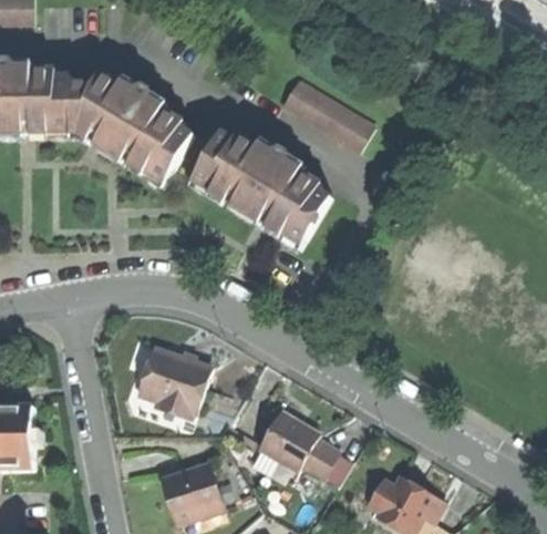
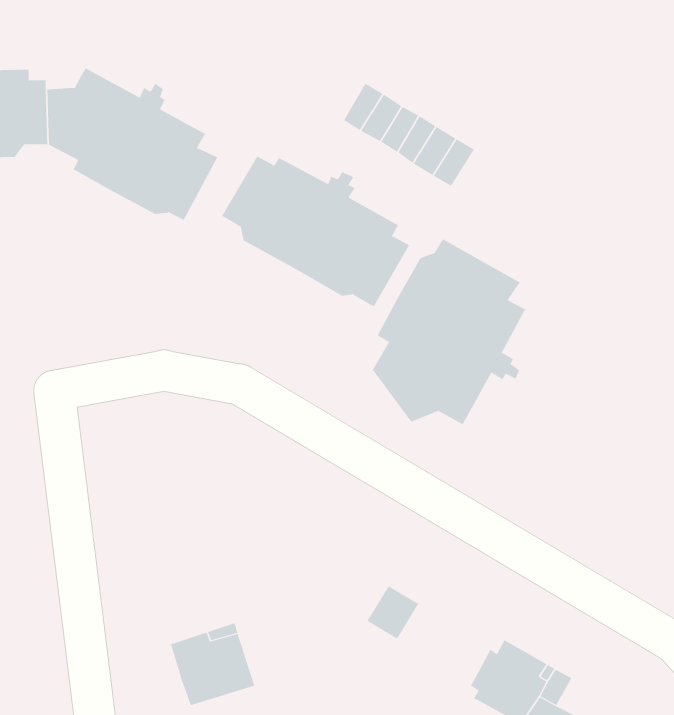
building: none -> [372,238,526,425]
building: [136,348,209,413] -> none
building: [257,411,316,469] -> none

